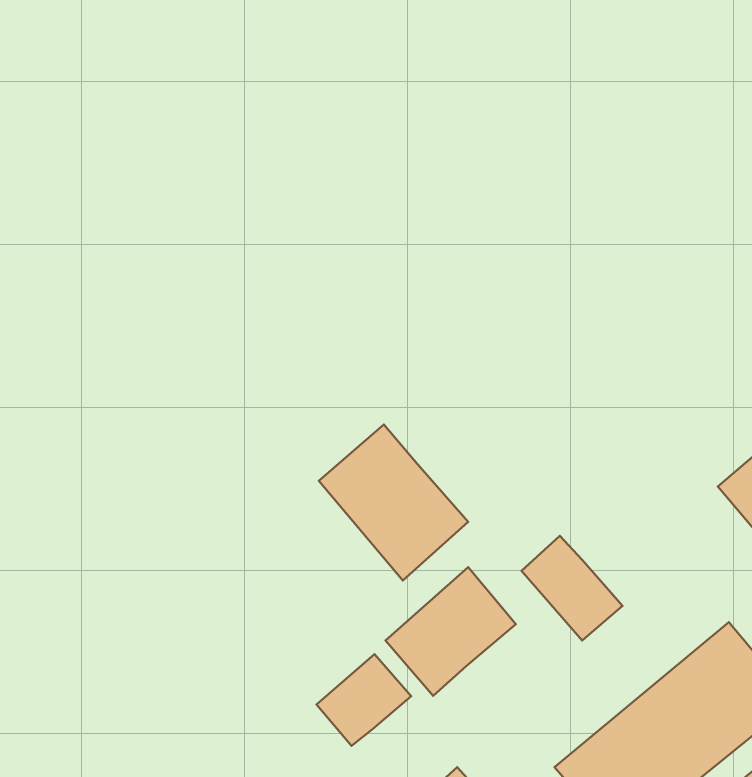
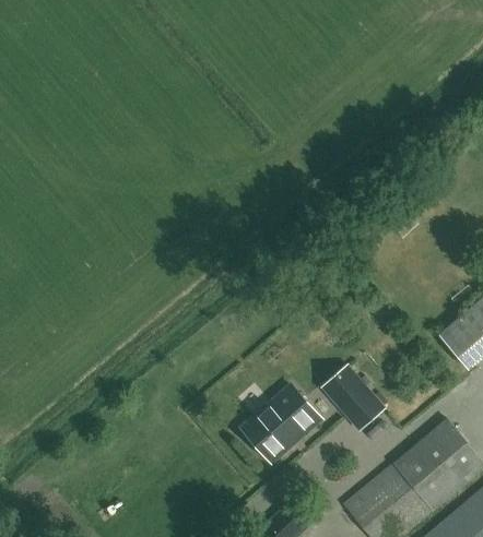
building: [319,424,468,580] -> none
building: [317,654,411,746] -> none

